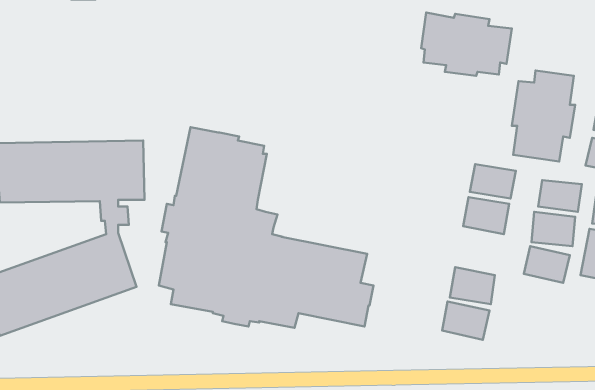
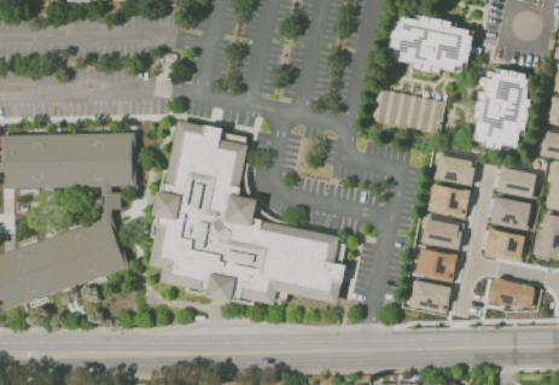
building: none -> [372,88,444,133]
building: none -> [421,220,462,249]
building: none -> [488,279,535,308]

